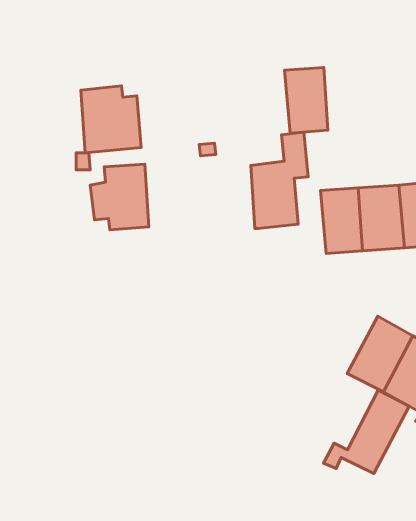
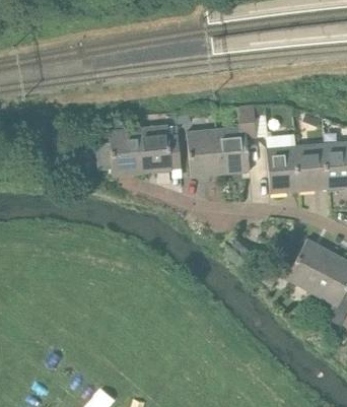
building: [285,67,328,133] -> [188,129,219,177]
building: [81,86,141,153] -> [139,125,183,174]
building: [324,390,409,473] -> none

